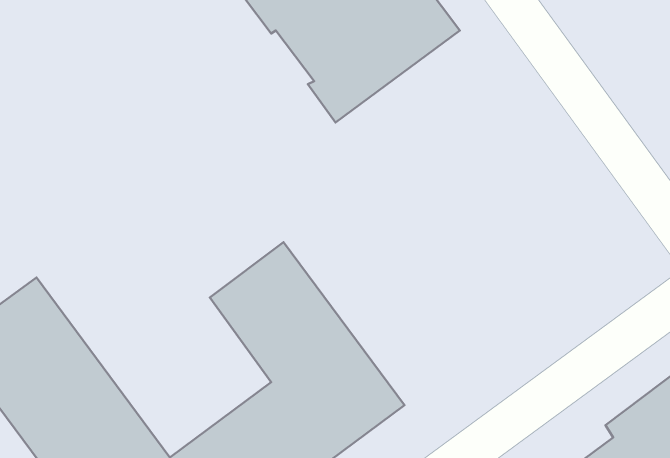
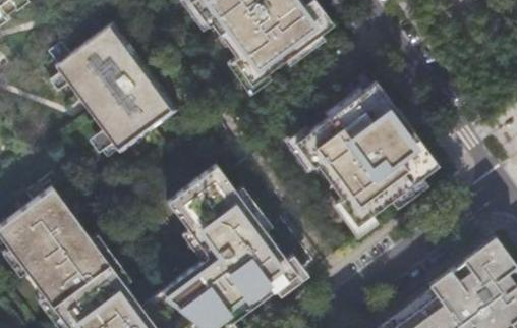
building: none -> [56,24,172,149]
building: none -> [296,80,440,224]

